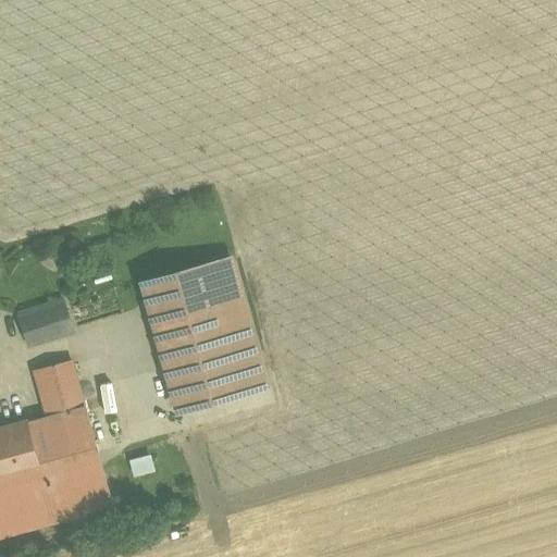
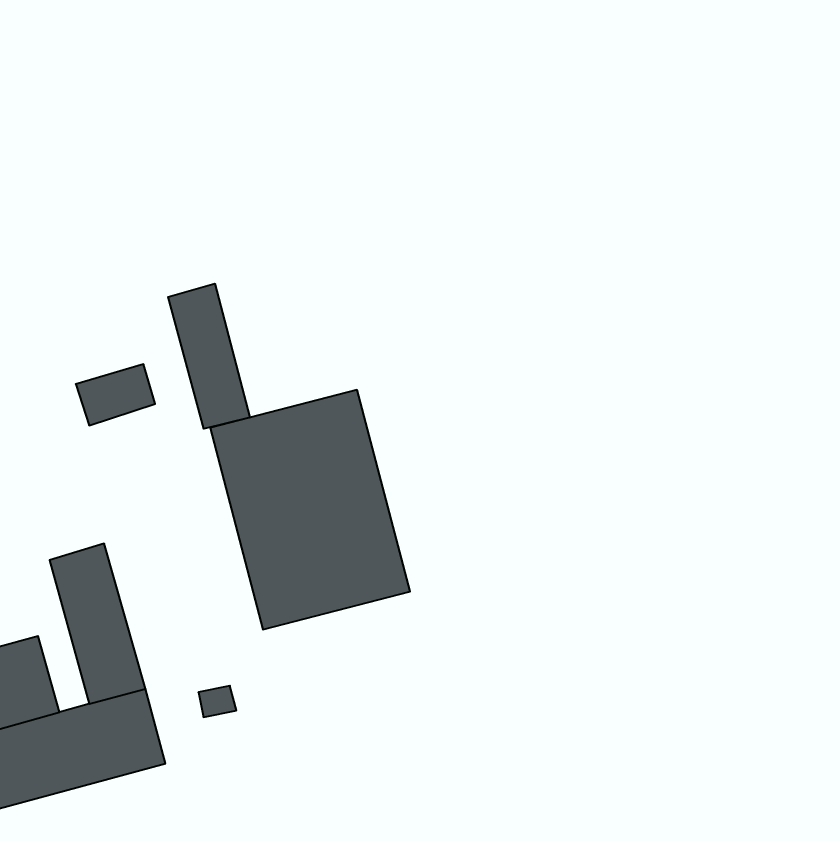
building: none -> [168,284,250,429]
building: [17,301,70,342] -> [76,364,155,425]

